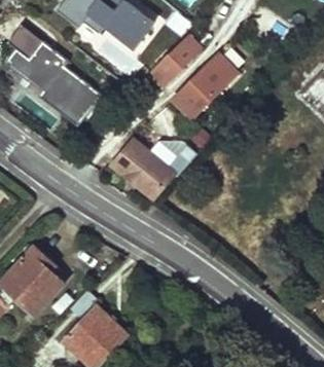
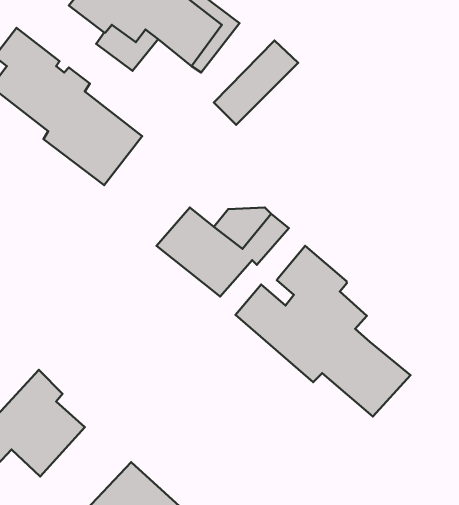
building: [175,54,235,116] -> none
building: none -> [236,246,410,417]

